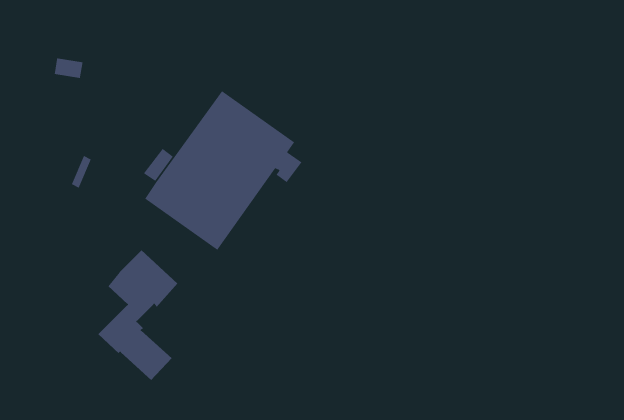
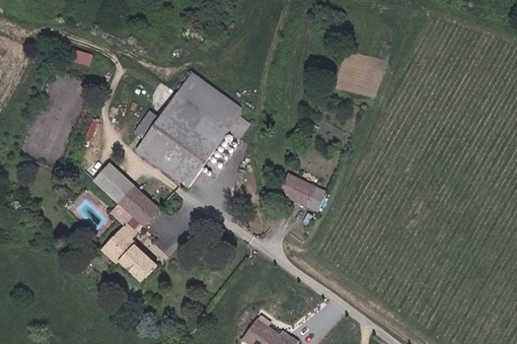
building: none -> [93,162,134,202]
building: none -> [278,173,325,211]

